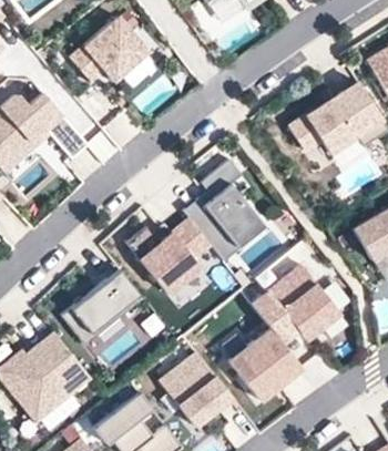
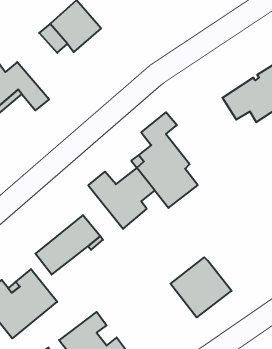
building: [249,260,341,339] -> none
building: [159,348,233,426] -> none

